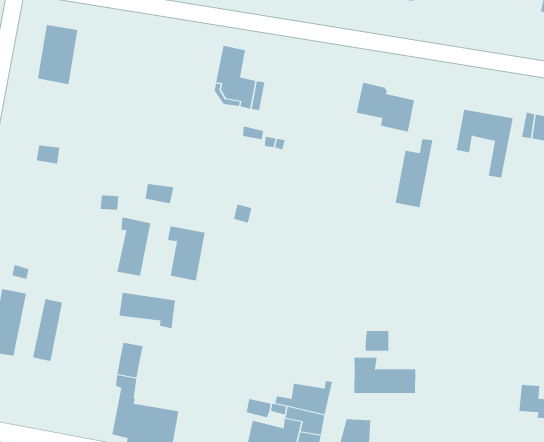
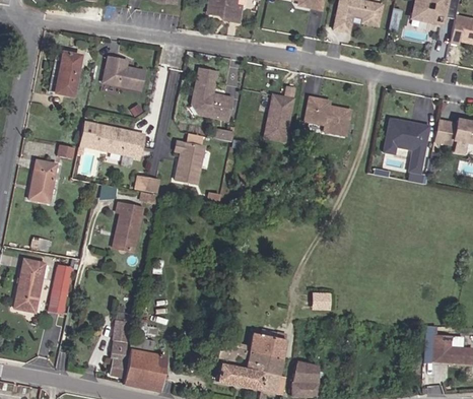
building: none -> [103,56,145,90]
building: none -> [90,124,144,157]
building: [395,139,433,208] -> [265,86,295,141]
building: none -> [29,160,55,202]
building: [167,226,206,281] -> [175,141,205,185]
building: [119,289,176,329] -> none
building: [354,357,416,394] -> none

